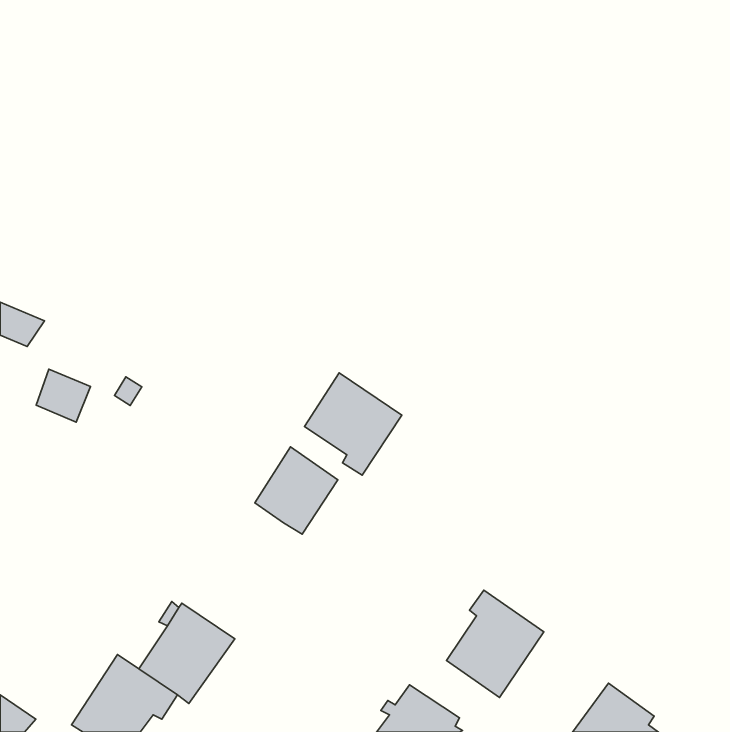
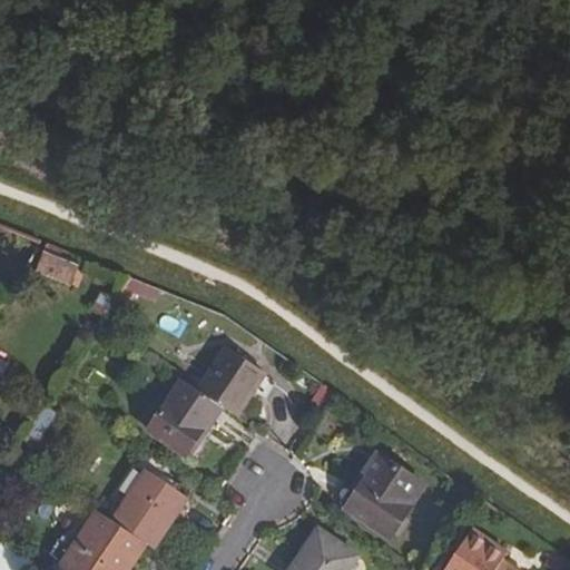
building: [36,369,90,422] -> [35,245,77,286]
building: [305,373,402,475] -> none
building: none -> [148,380,222,454]

